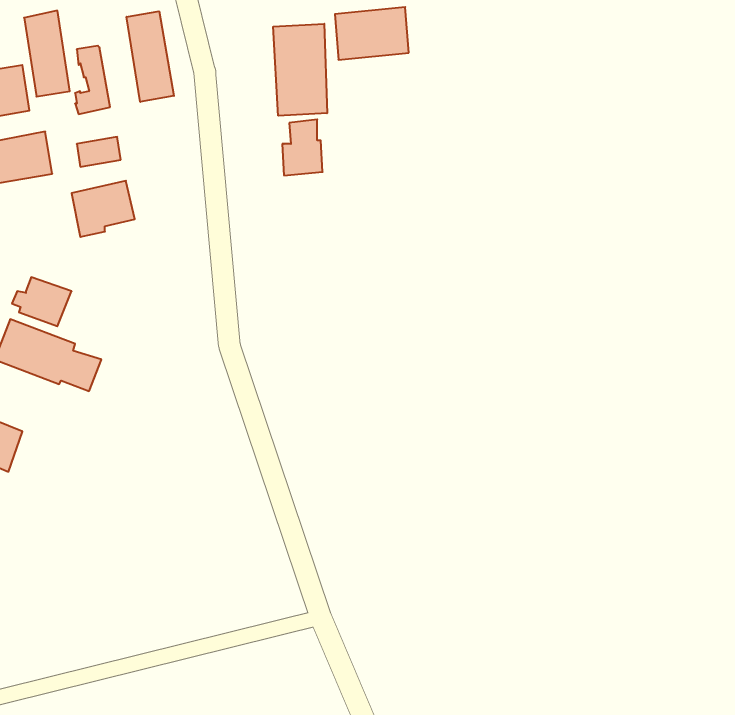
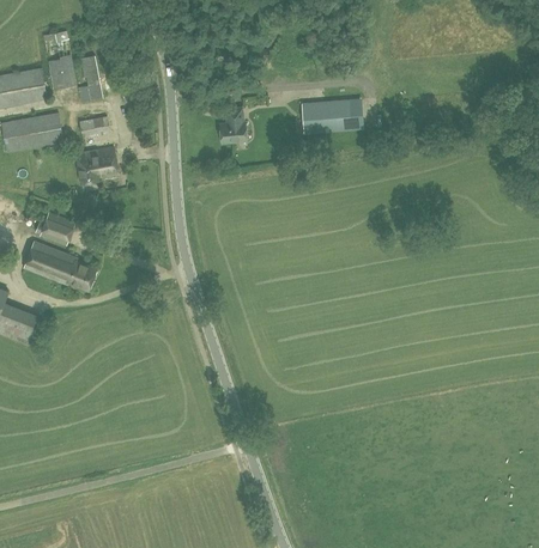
building: [335,7,409,60] -> [301,97,351,133]
building: [127,11,174,102] -> none
building: [273,24,327,116] -> none

